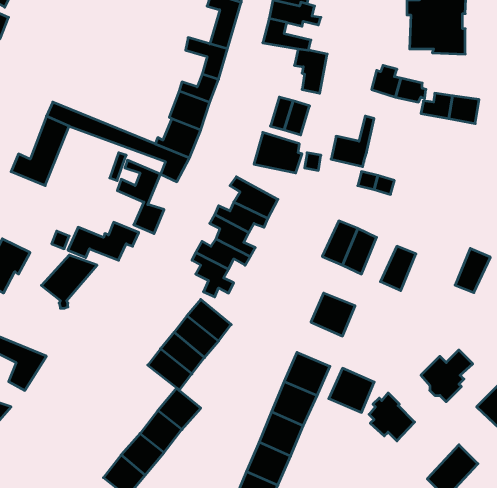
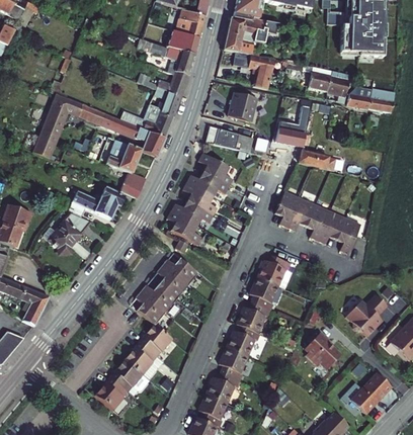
building: none -> [301,203,329,239]
building: [455,248,490,293] -> [332,216,360,252]
building: [329,368,374,412] -> [249,271,285,307]

